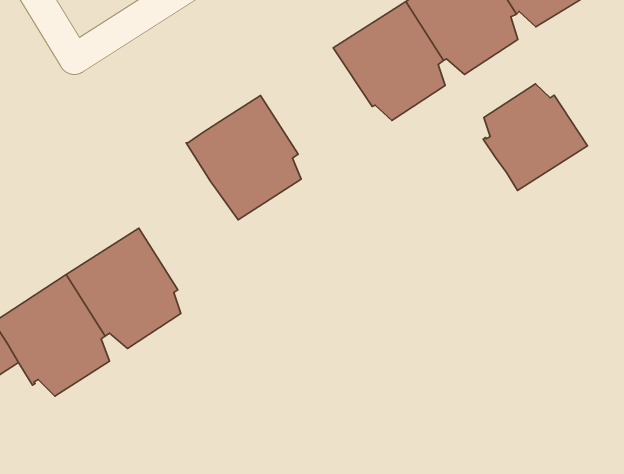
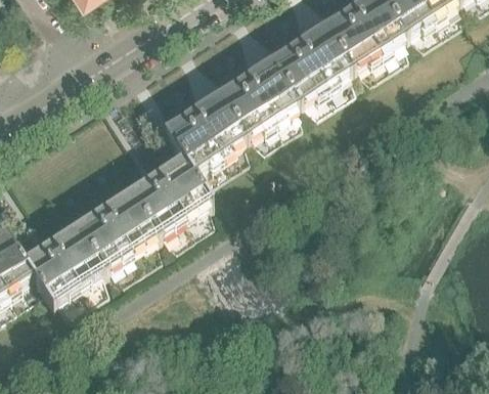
building: none -> [210,59,292,147]
building: [483,84,587,190] -> none
building: none -> [121,157,205,246]

